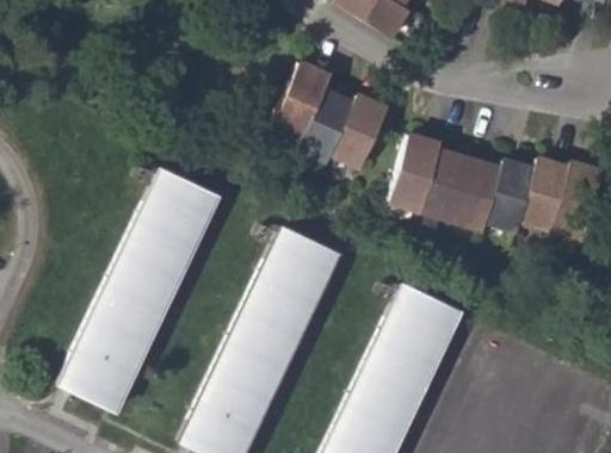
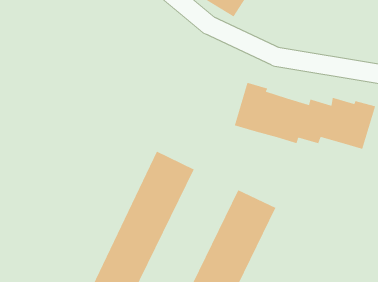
building: [277,61,390,163] -> none
building: [54,176,215,418] -> none

